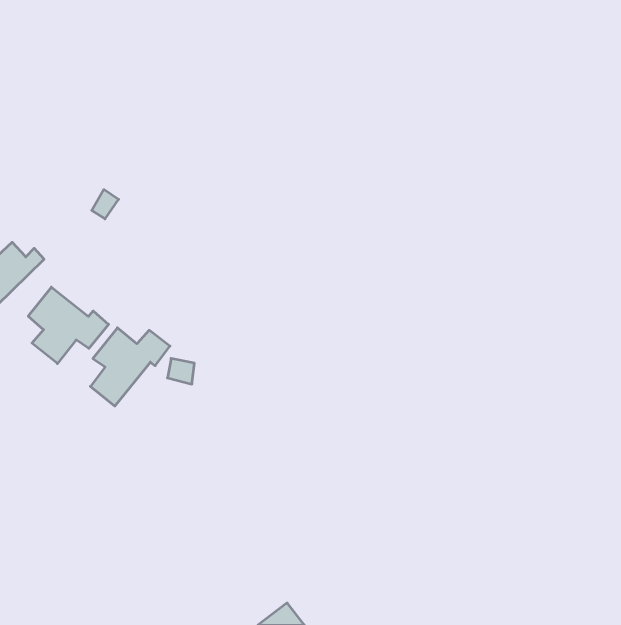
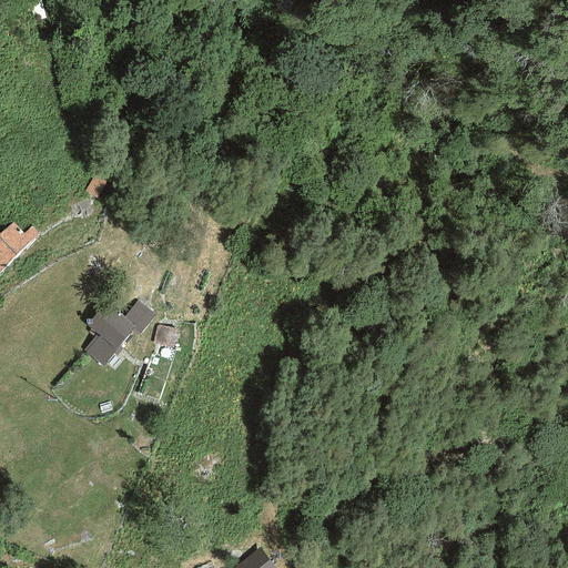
building: [28,287,109,364] -> none

